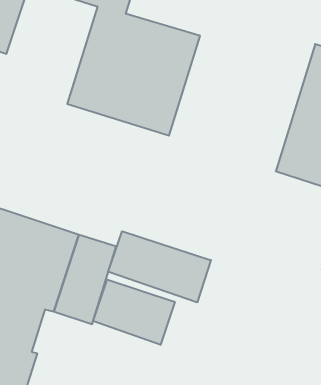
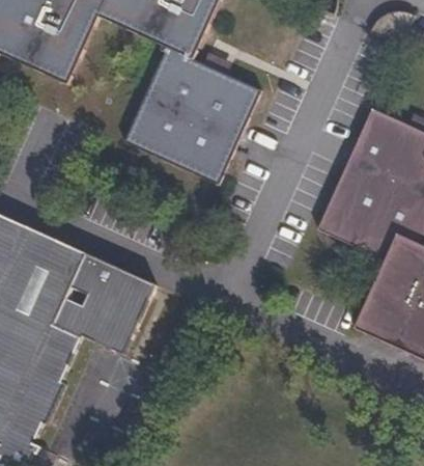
building: [108,231,211,302] -> none
building: [93,280,175,345] -> none

